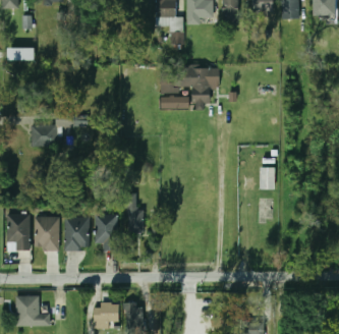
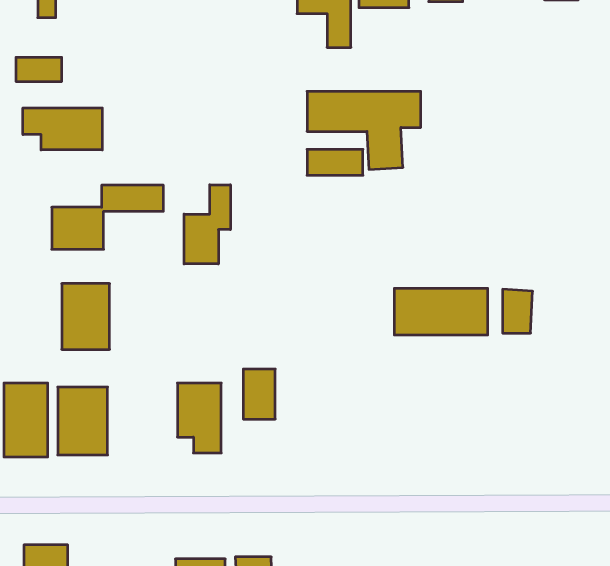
building: none -> [23,108,102,150]
building: none -> [184,185,230,264]
building: none -> [394,288,488,335]
building: [64,217,89,251] -> [62,284,110,349]

